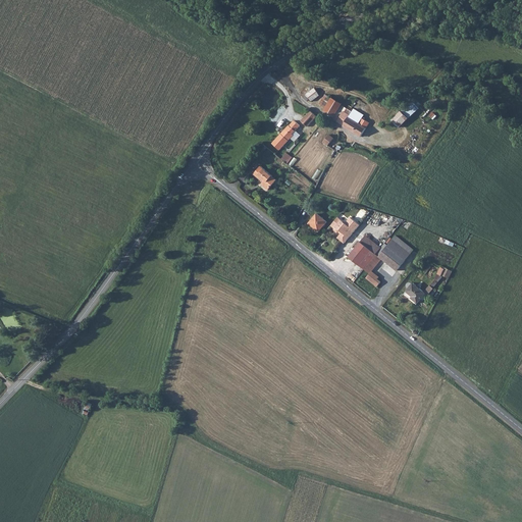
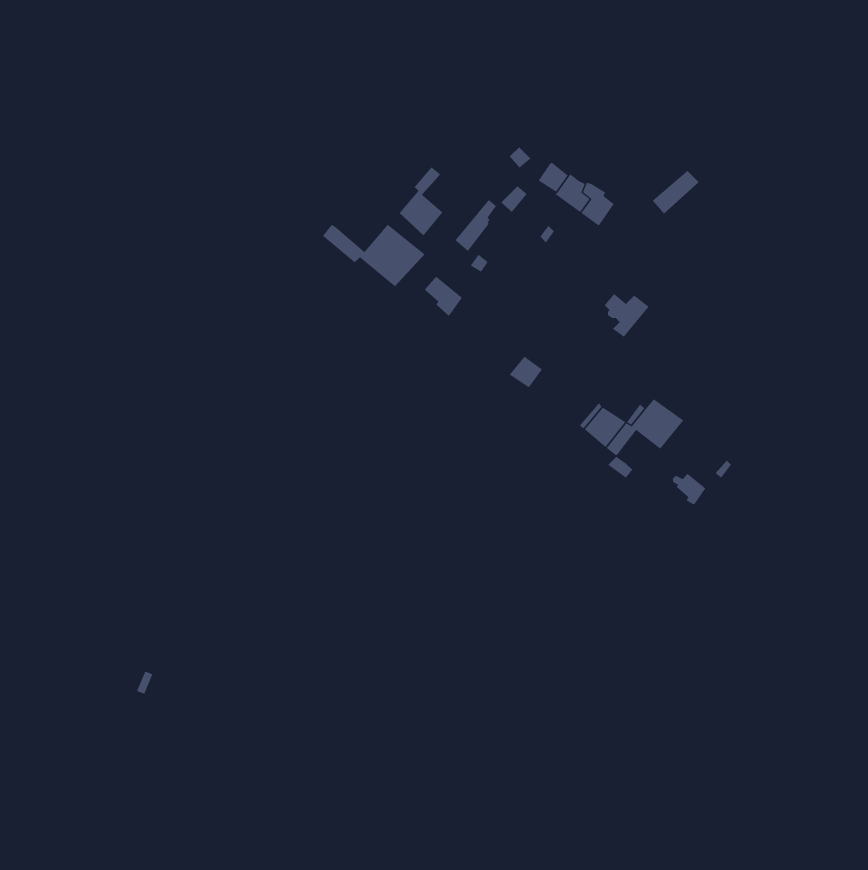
building: none -> [399,166,443,236]
building: none -> [322,224,425,287]
building: [330,216,358,243] -> [604,293,650,337]

